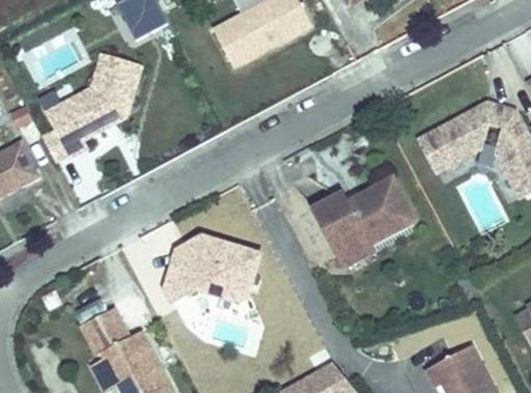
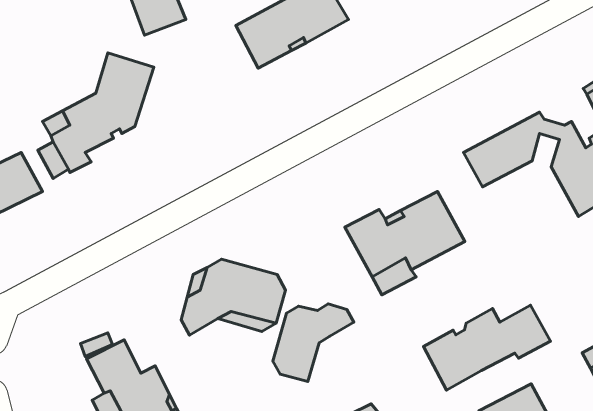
building: none -> [273,304,354,382]
building: none -> [423,305,550,390]

